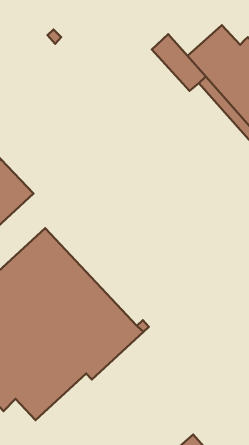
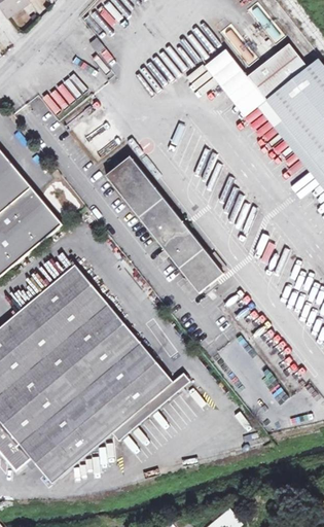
building: none -> [106,155,223,291]

